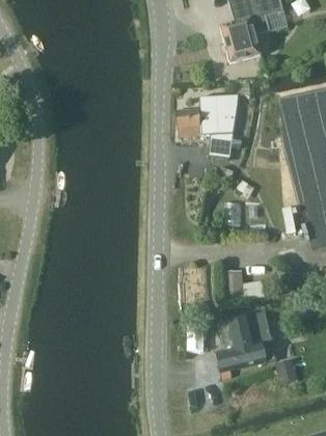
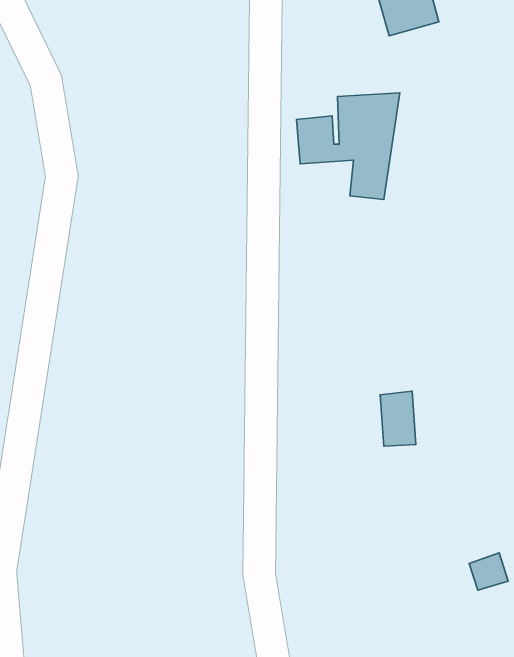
building: [217,315,276,378] -> none

